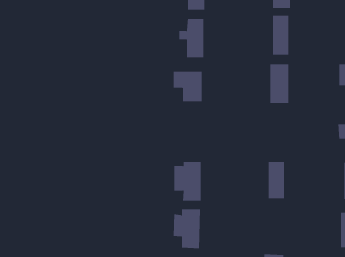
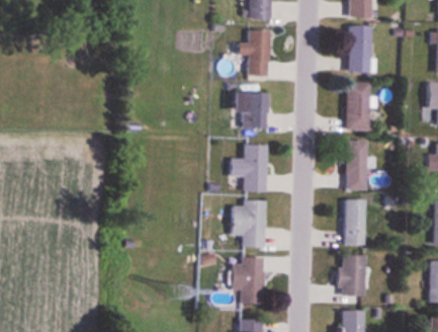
building: none -> [347,140,367,189]
building: none -> [232,145,267,191]
building: none -> [340,255,365,296]

